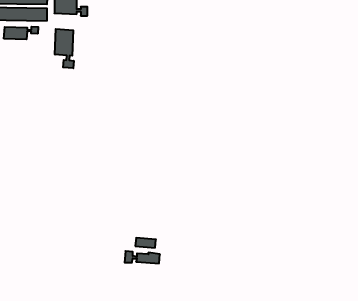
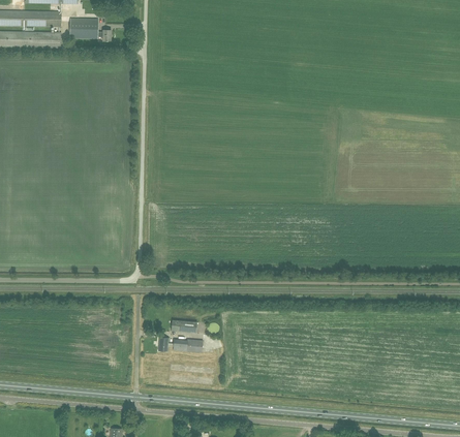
building: [4,27,38,39] -> none
building: [55,29,74,68] -> none

